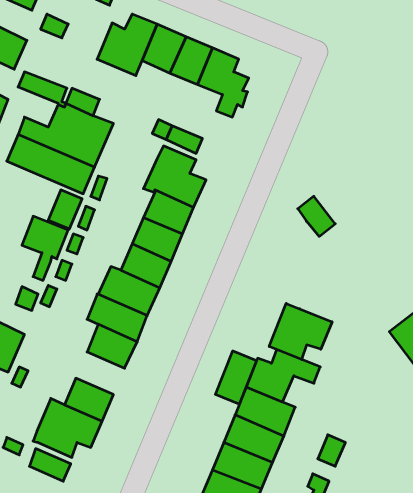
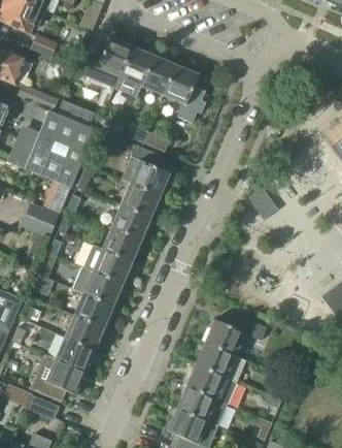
building: [269,303,332,360] -> none
building: [215,351,257,404] -> none
building: none -> [64,315,104,350]

